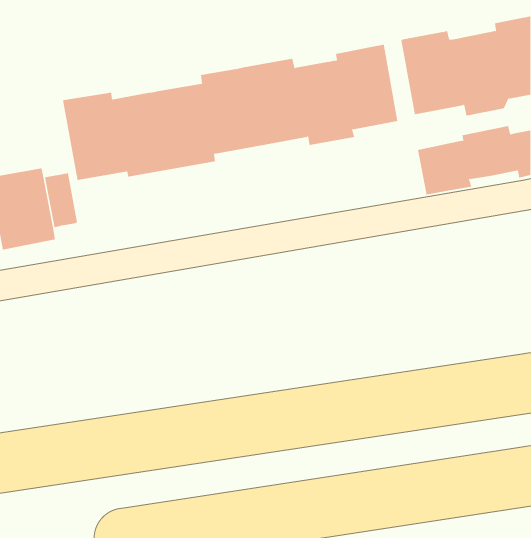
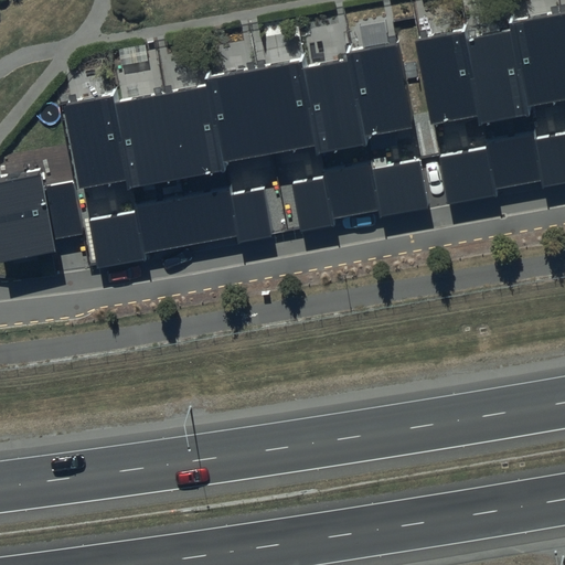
building: none -> [290,160,427,231]
building: none -> [89,189,269,266]

